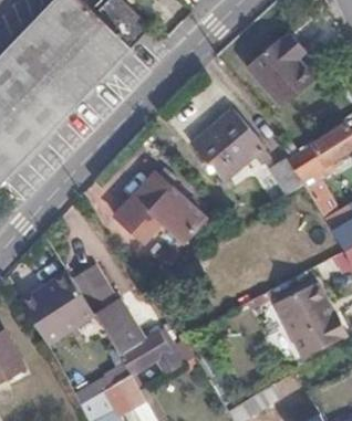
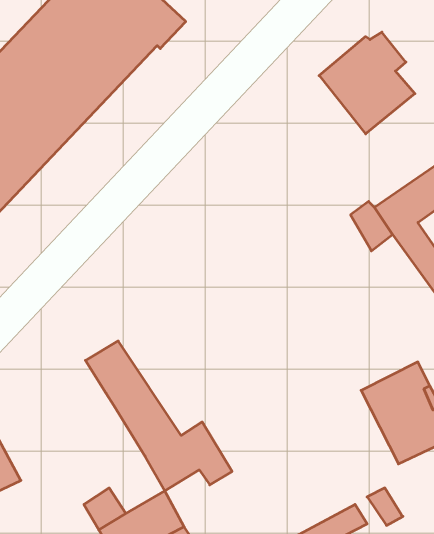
building: [191,110,268,182] -> none
building: [118,173,201,241] -> none
building: [19,271,93,343] -> none

